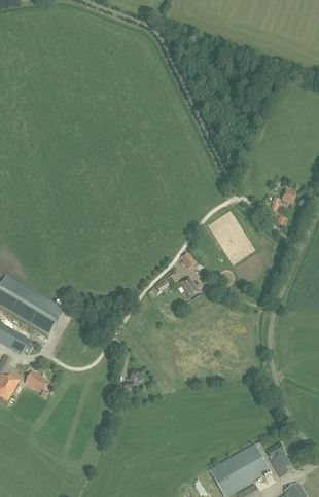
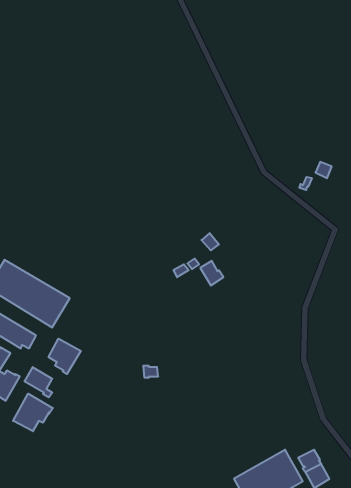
building: none -> [49,339,81,374]
building: none -> [13,394,53,431]

